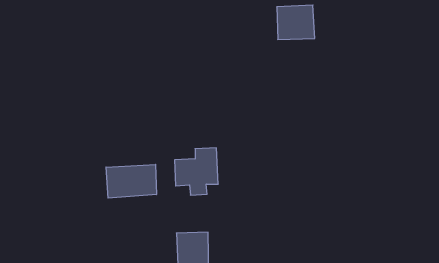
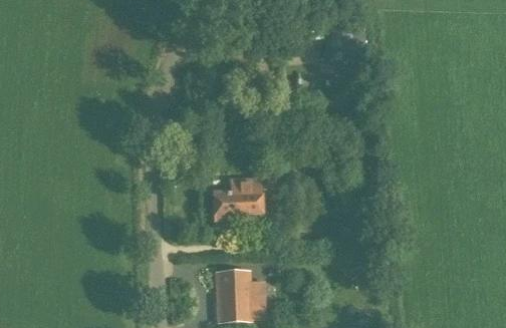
building: [106,164,156,198] -> none

